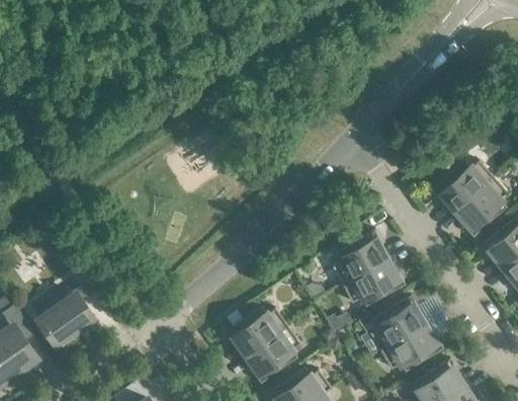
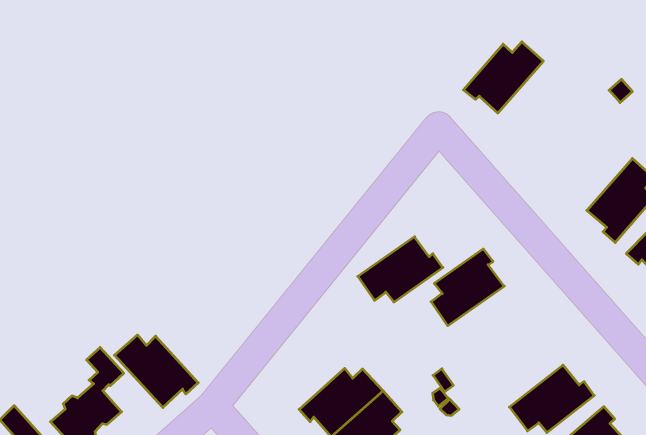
building: [431,162,493,213] -> [463,42,543,113]
building: [341,261,405,308] -> [358,237,443,302]
building: none -> [114,335,198,408]
building: [368,297,423,351] -> none

